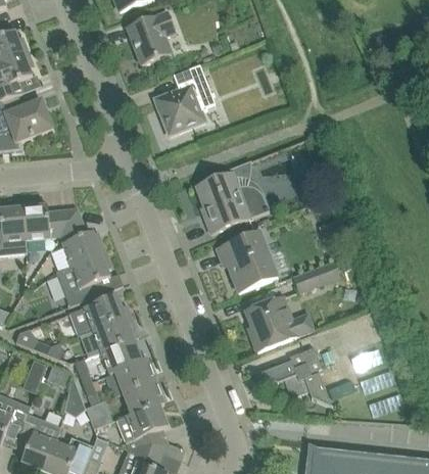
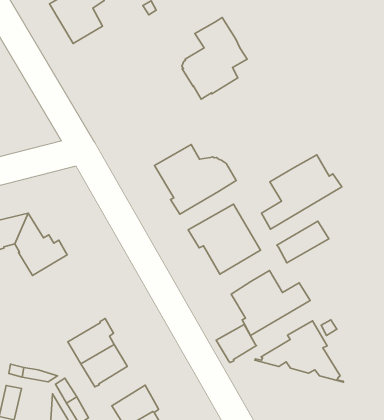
building: [156,63,216,133] -> [182,17,247,99]
building: none -> [262,155,342,229]
building: [56,251,111,305] -> none
building: [68,294,125,334] -> none
building: none -> [216,325,257,363]
building: [114,358,155,392] -> none

